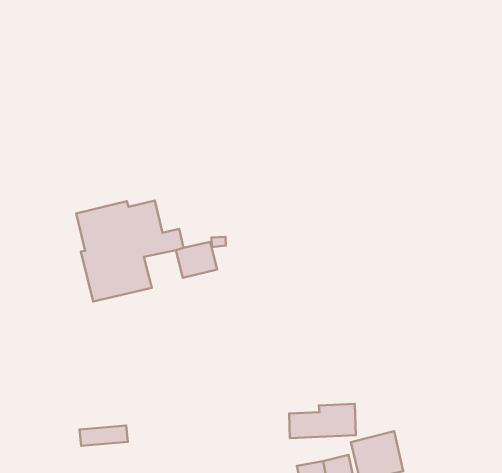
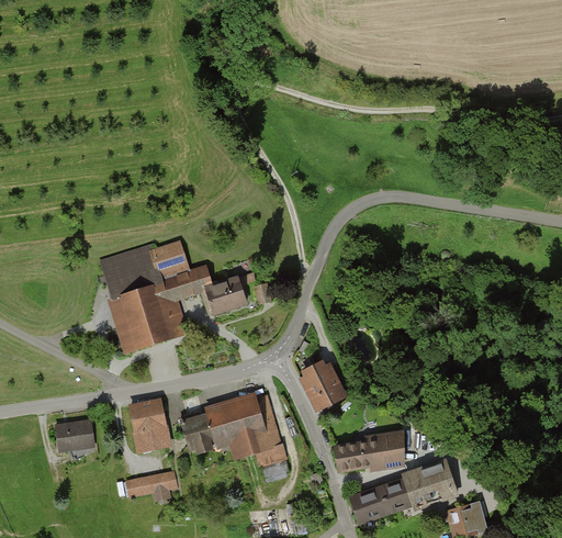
building: none -> [297,355,345,404]
building: none -> [128,400,169,452]
building: none -> [181,396,285,468]
building: none -> [55,421,92,450]

